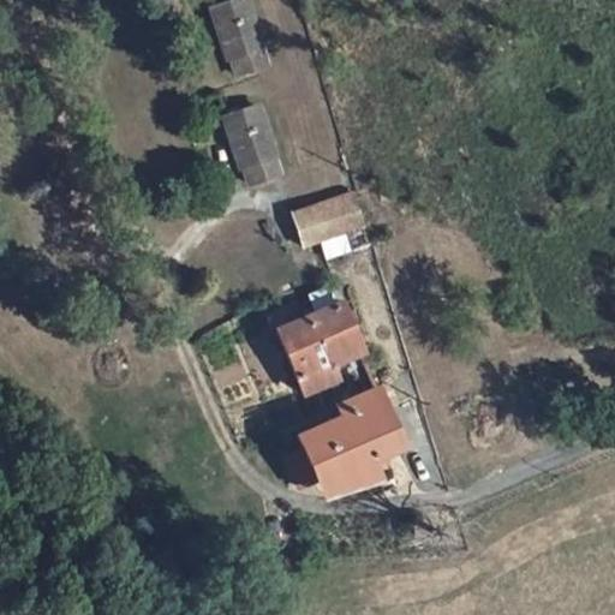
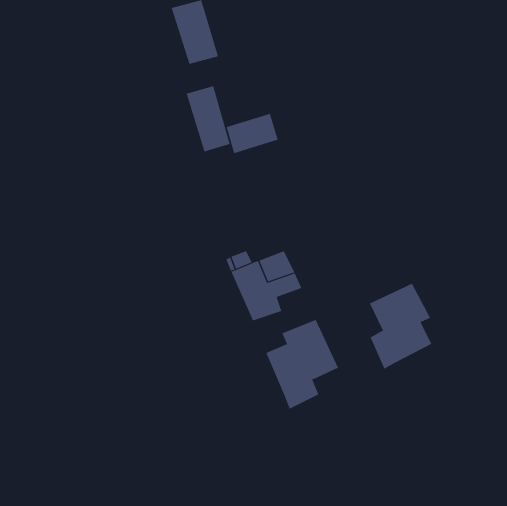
building: [297,195,360,244] -> [226,113,278,154]
building: none -> [369,283,432,370]
building: [291,426,344,490] -> none

